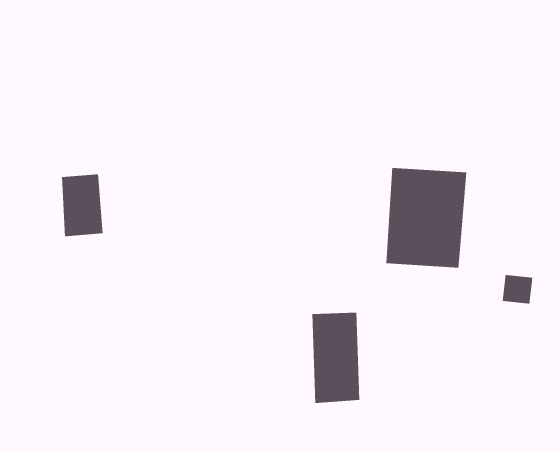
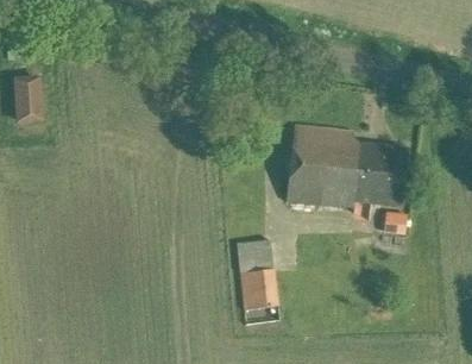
building: [61,174,104,237] -> [13,79,45,126]
building: none -> [353,150,402,195]

